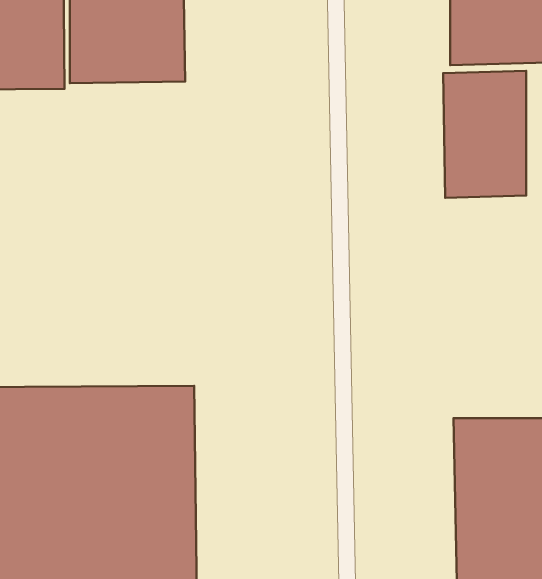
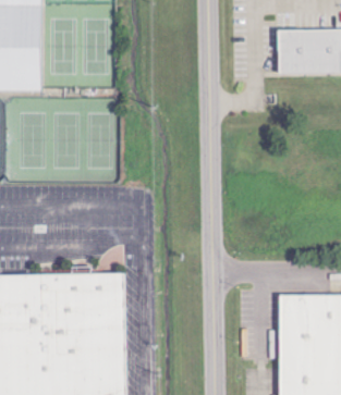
building: [443,71,526,198] -> none

